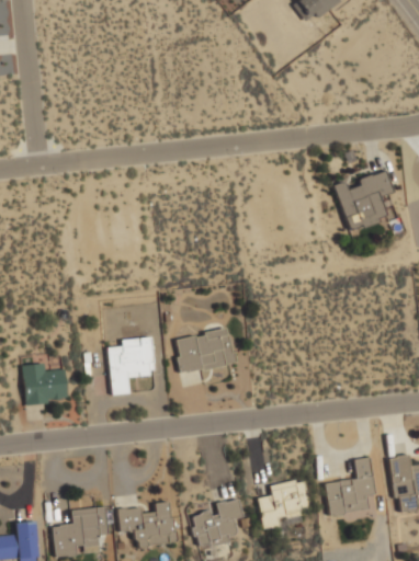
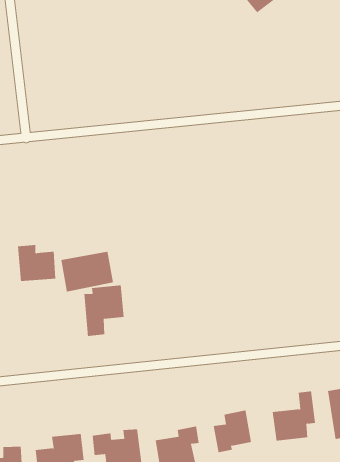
building: [335,170,395,232] -> none
building: [174,328,236,375] -> [60,251,114,292]
building: [23,363,68,405] -> [17,244,56,282]

